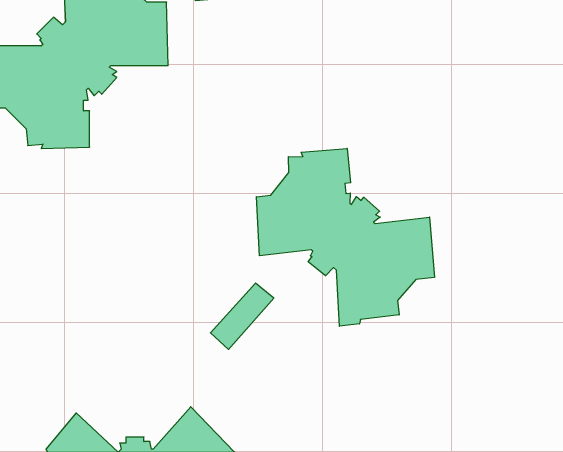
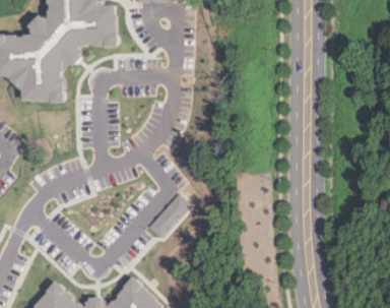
building: [256,148,434,326] -> none

